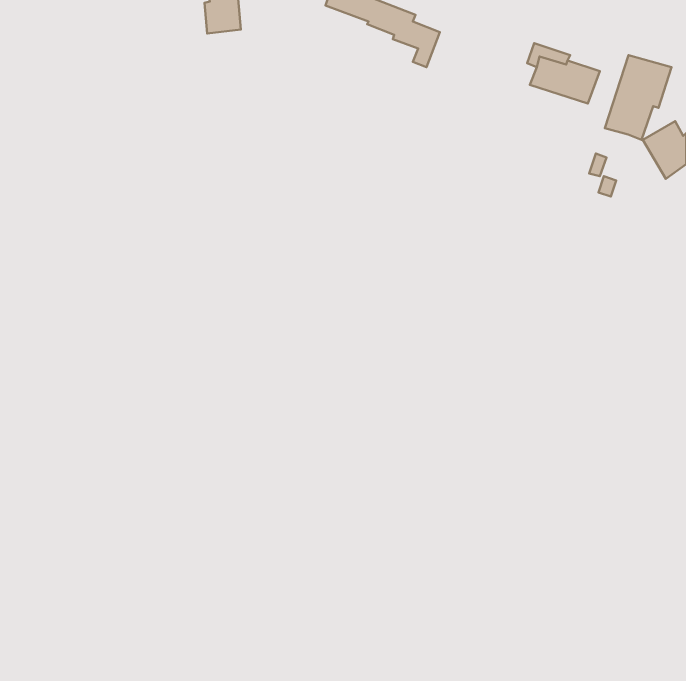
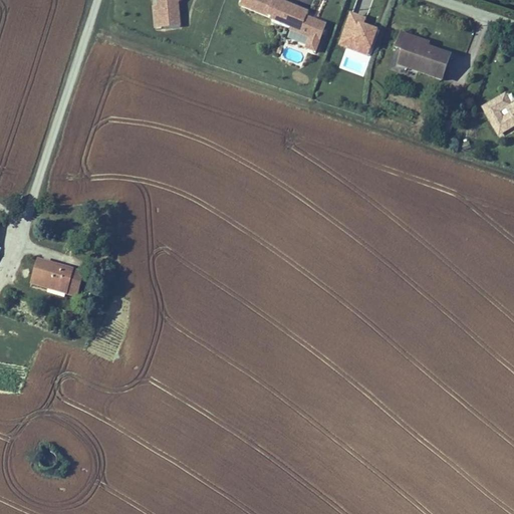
building: none -> [338,6,380,52]
building: [605,55,672,140] -> none
building: none -> [30,257,84,296]

